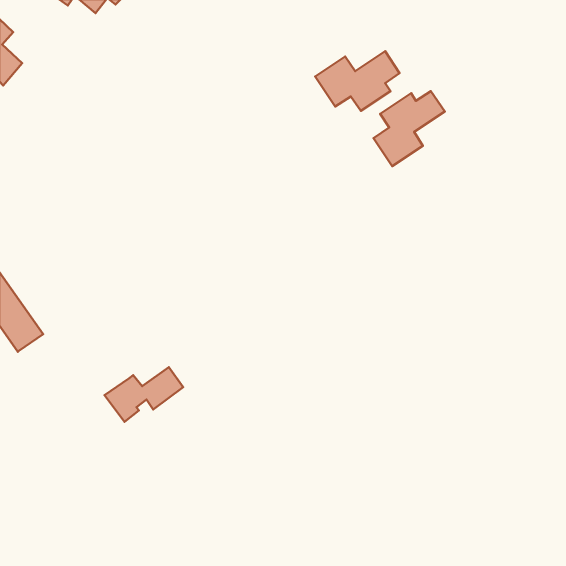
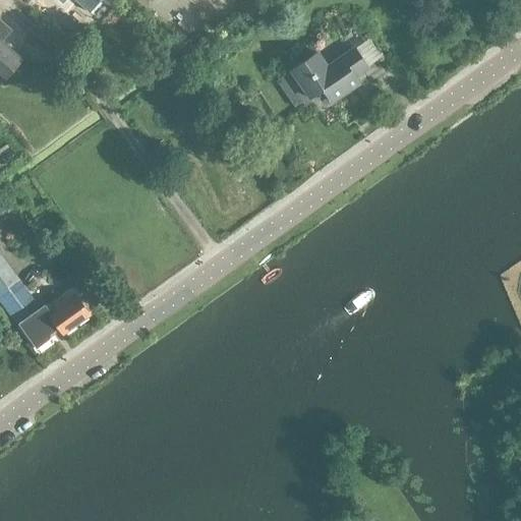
building: [373,91,445,166] -> none
building: [104,367,183,422] -> [17,296,90,346]

